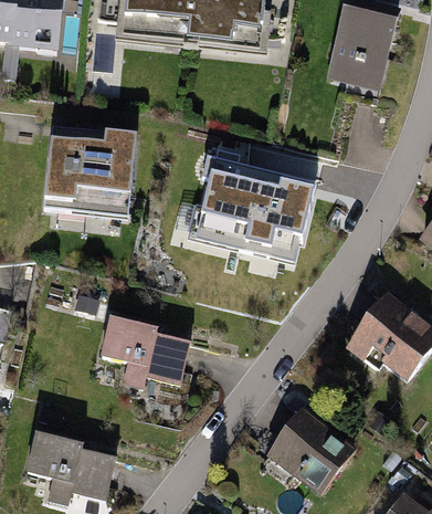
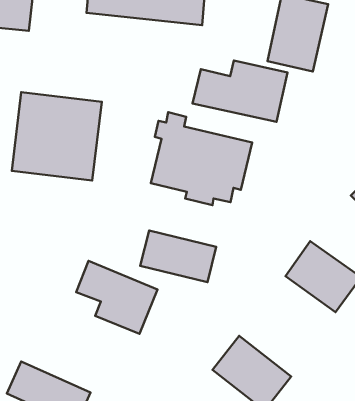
building: none -> [193,60,288,122]
building: none -> [140,230,216,282]

